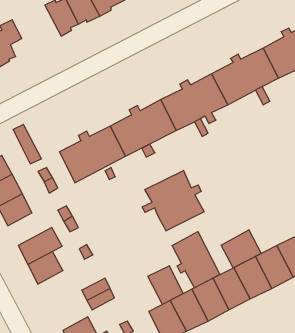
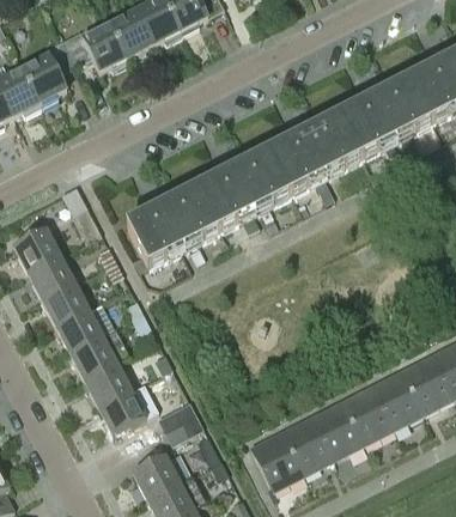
building: none -> [61,19,129,72]
building: [142,170,204,231] -> none
building: none -> [55,302,116,354]
building: [221,230,261,268] -> none
building: [172,232,220,288] -> none
building: [148,266,183,304] -> none
building: none -> [97,389,146,436]

